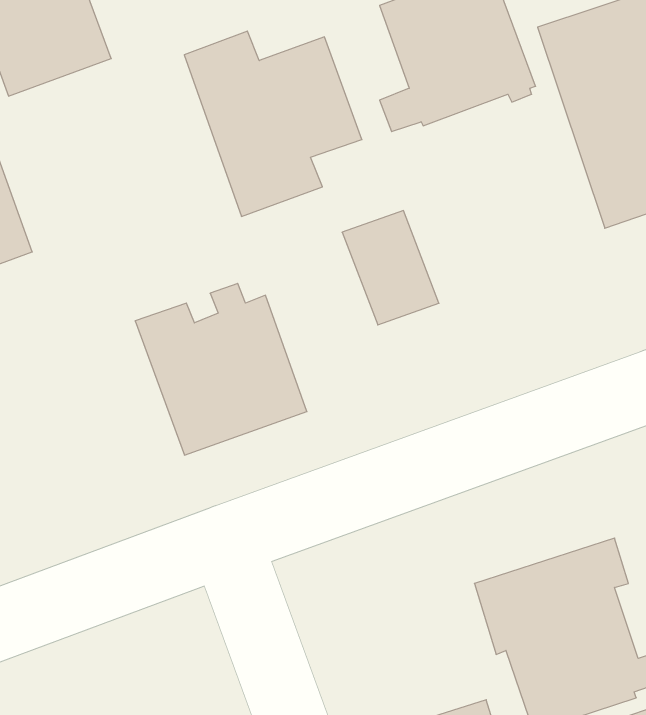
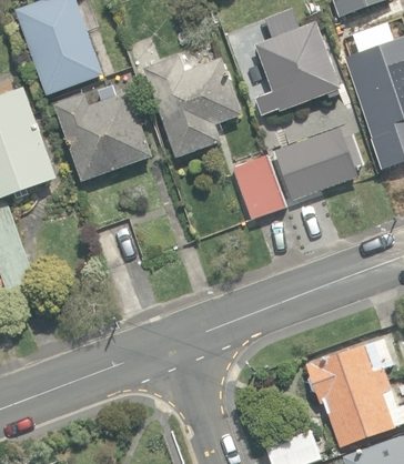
building: none -> [273,122,357,196]
building: [135,283,307,455] -> [53,80,150,176]

